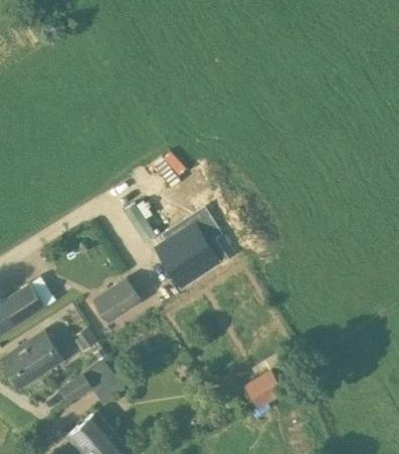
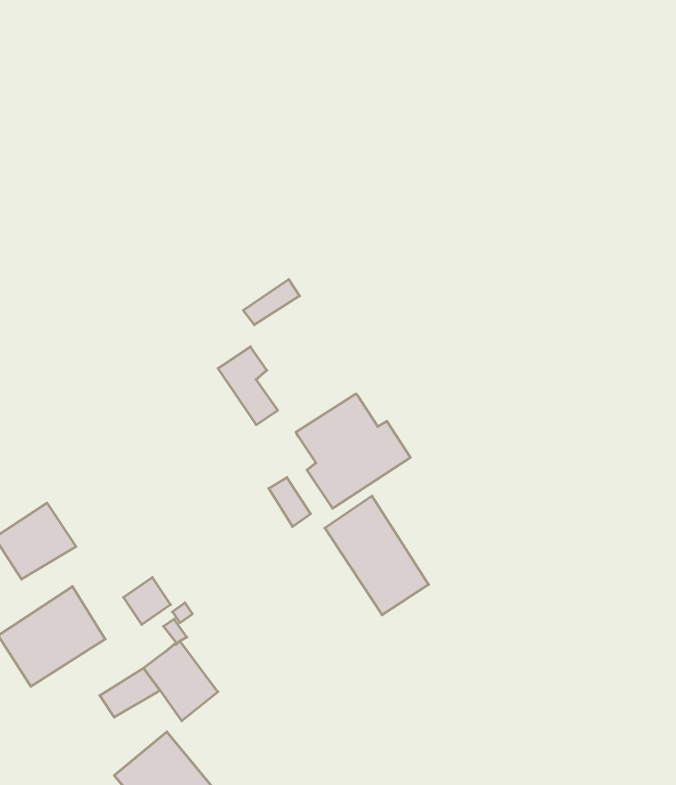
building: [92,278,139,320] -> none
building: none -> [325,496,429,615]
building: [243,372,282,409] -> none

